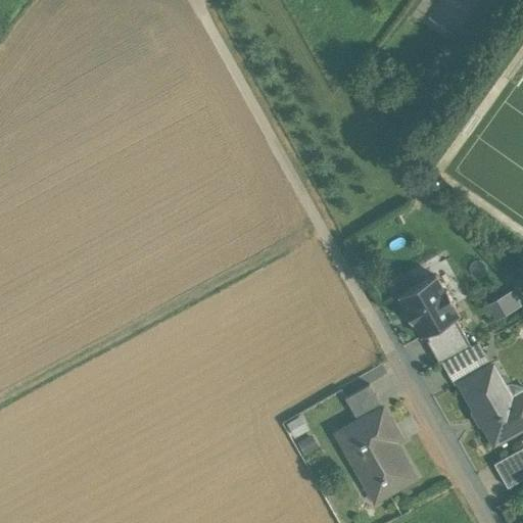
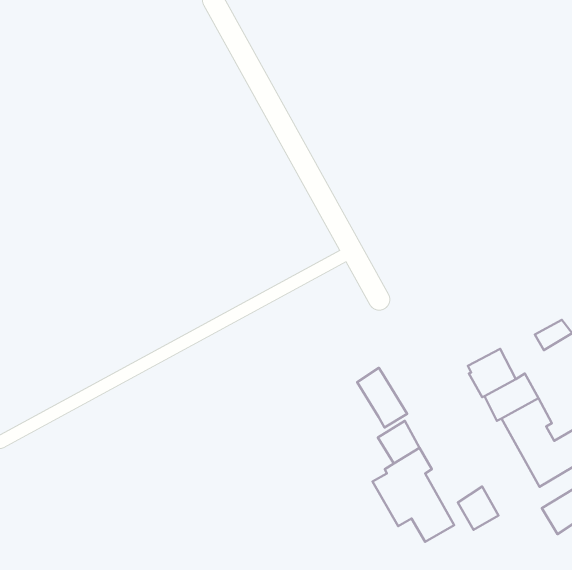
building: [399,278,460,339] -> none
building: none -> [357,368,407,428]
building: none -> [458,487,498,530]

